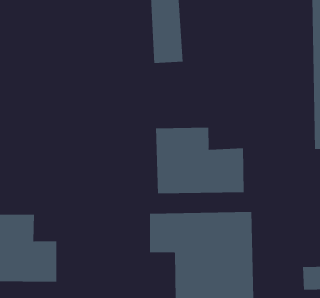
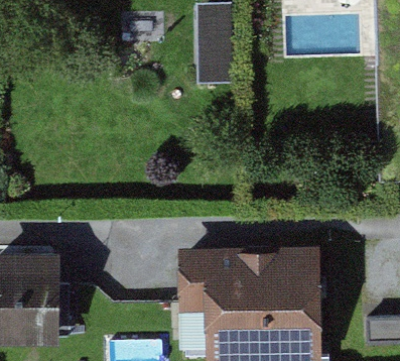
building: [155,127,244,194] -> none

